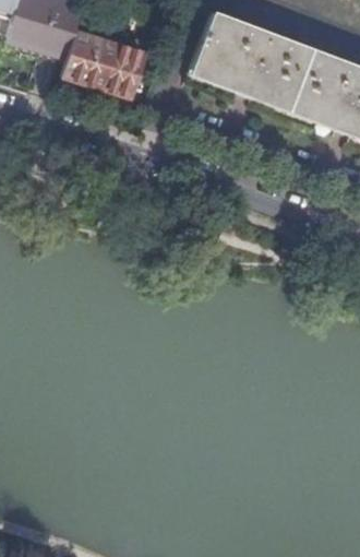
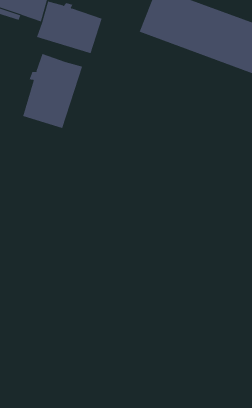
building: none -> [23,53,83,129]

